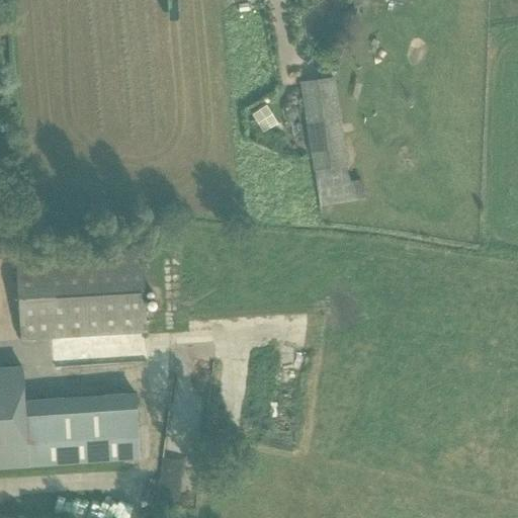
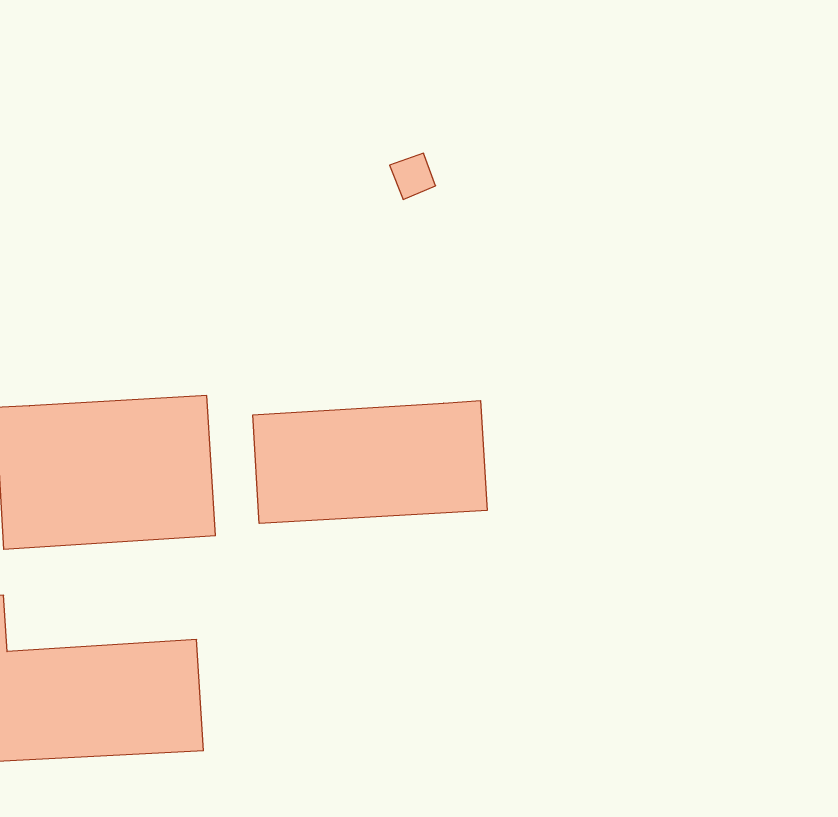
building: [298,77,364,206] -> none
building: none -> [253,401,487,523]

